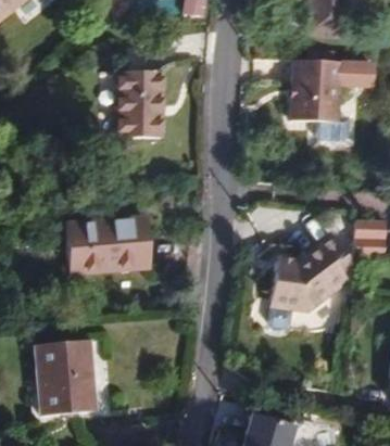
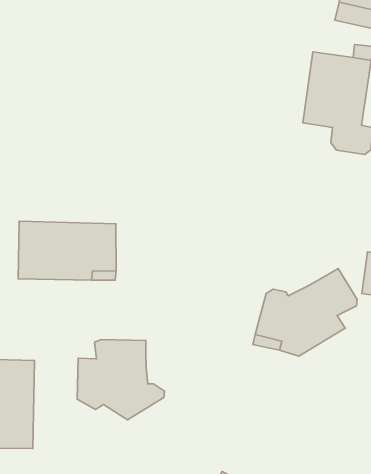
building: [117,71,163,138] -> none
building: none -> [77,339,164,420]

